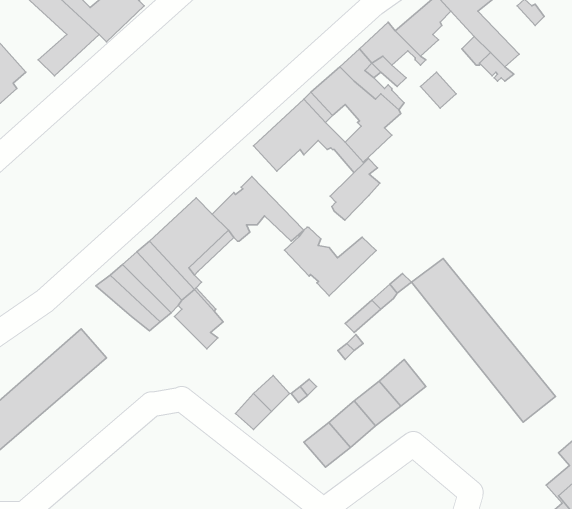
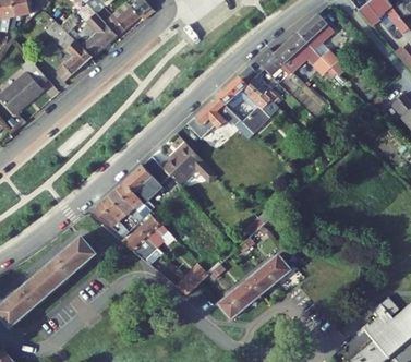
building: [330,159,380,220] -> none
building: [285,227,376,296] -> none
building: [411,258,555,422] -> none
building: none -> [123,228,159,262]

